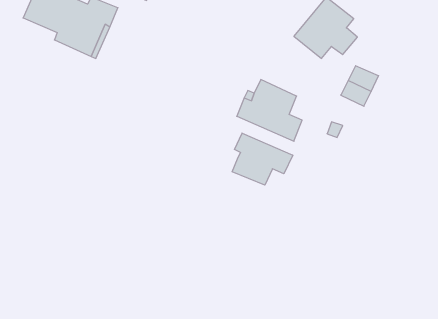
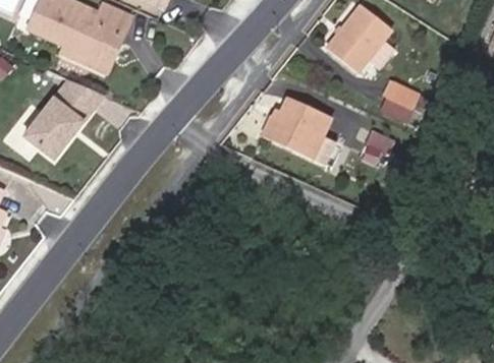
building: none -> [26,82,103,158]
building: [232,133,293,185] -> none

